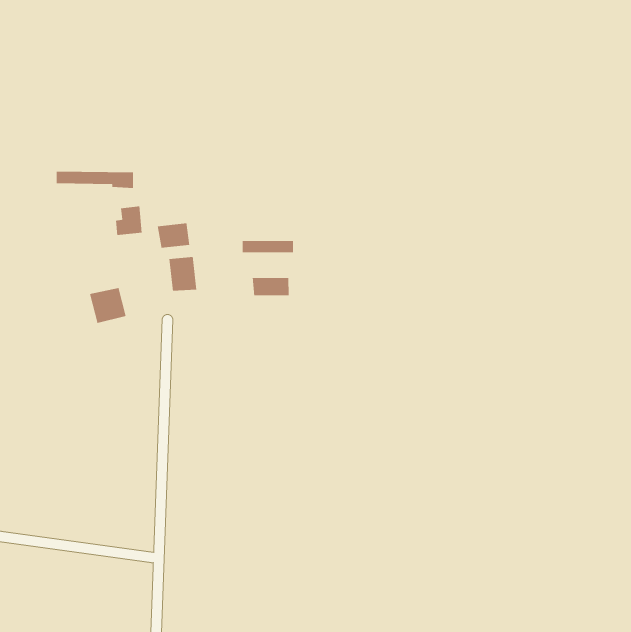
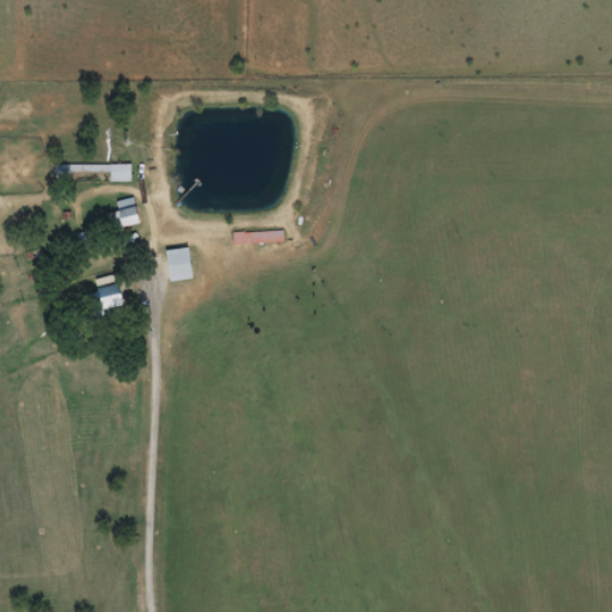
building: [157,223,190,249] -> none
building: [252,277,289,296] -> none

